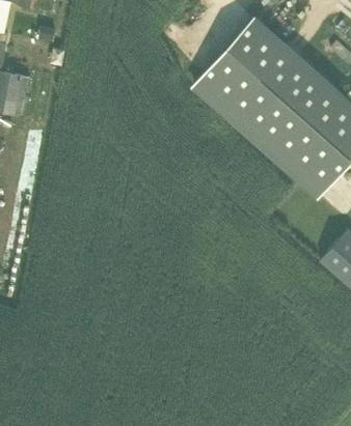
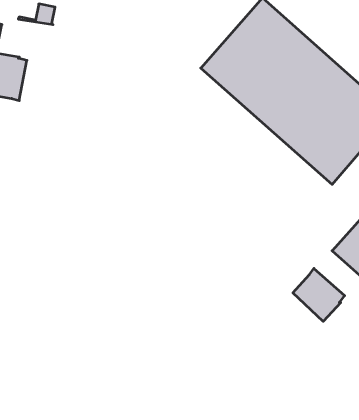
building: none -> [293,268,345,321]

